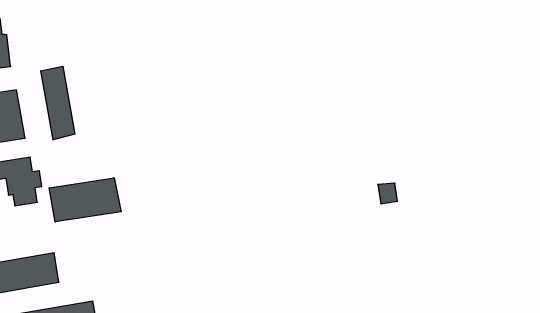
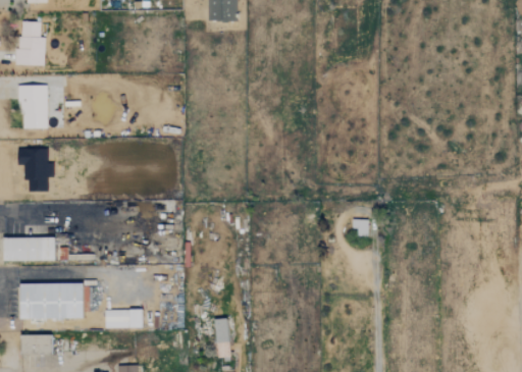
building: [41,66,75,140] -> none
building: [49,178,121,222] -> none

